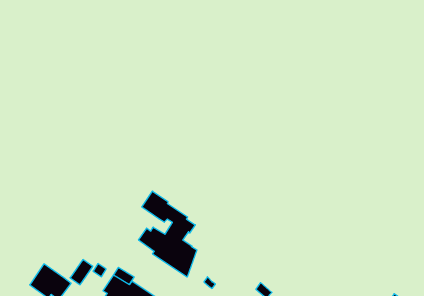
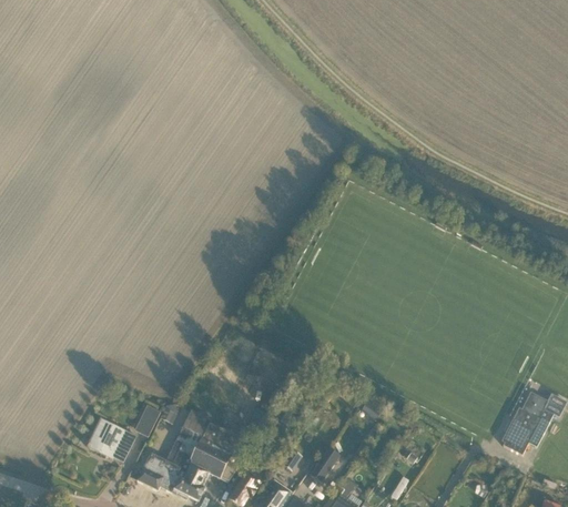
building: [139,191,197,277] -> none

